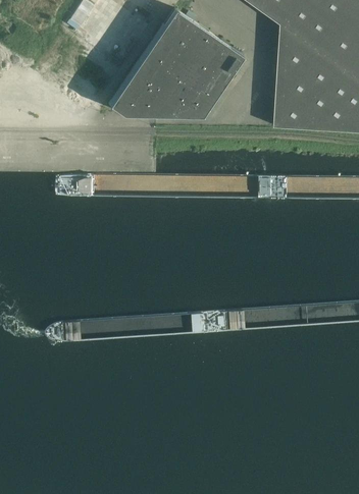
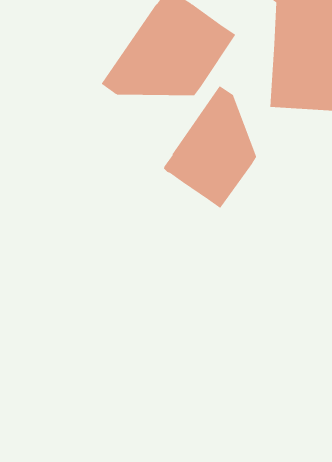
building: none -> [163,85,257,209]

